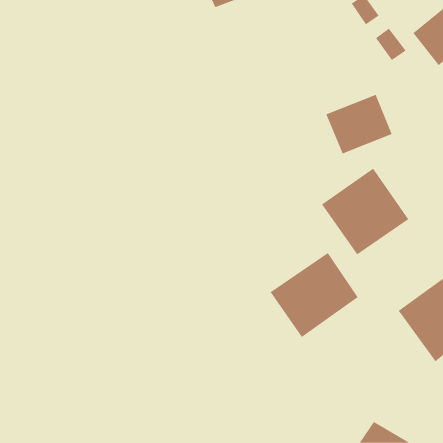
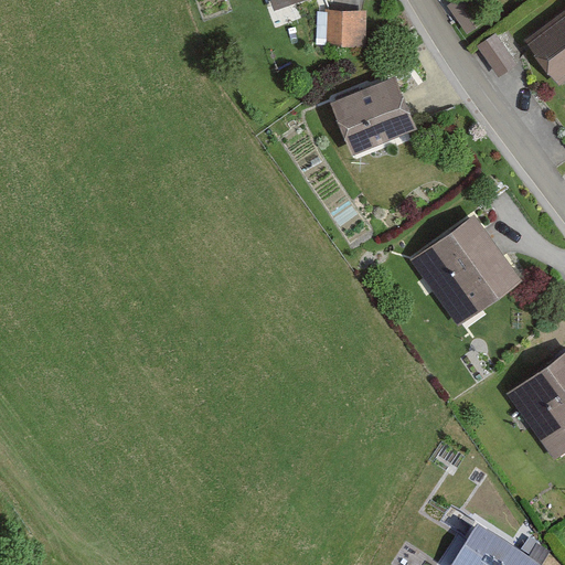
building: none -> [326,11,365,46]
building: [326,94,393,154] -> [330,76,415,152]
building: [270,252,359,338] -> none

